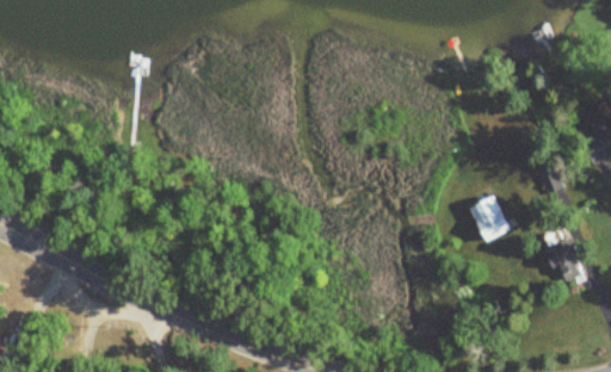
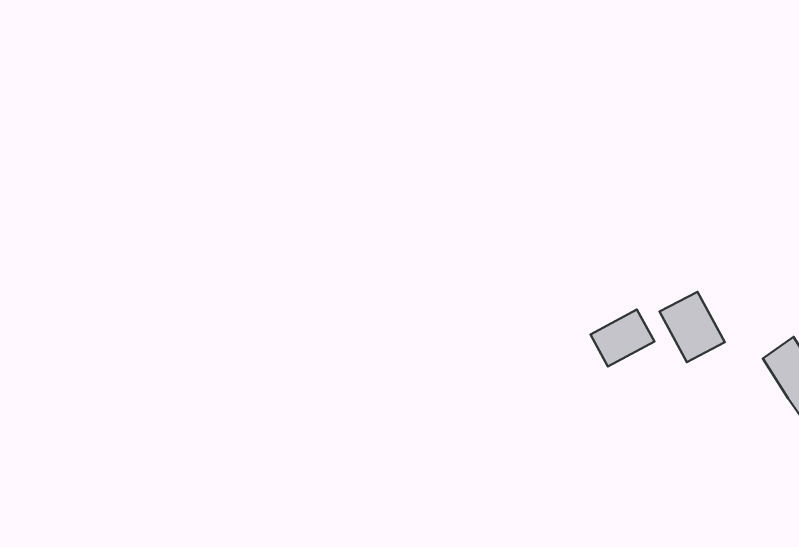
building: none -> [590,309,654,366]

